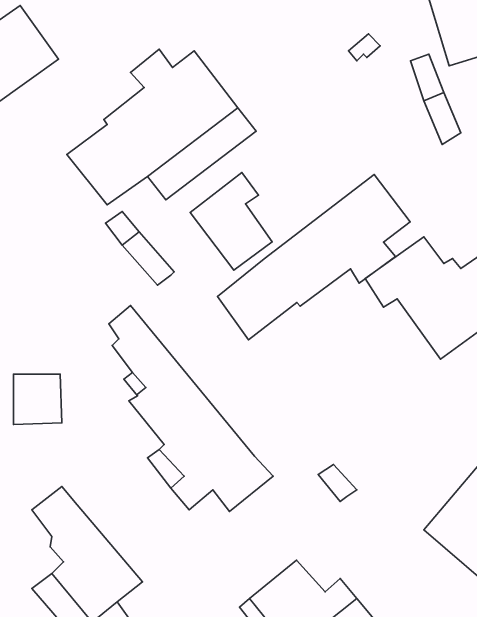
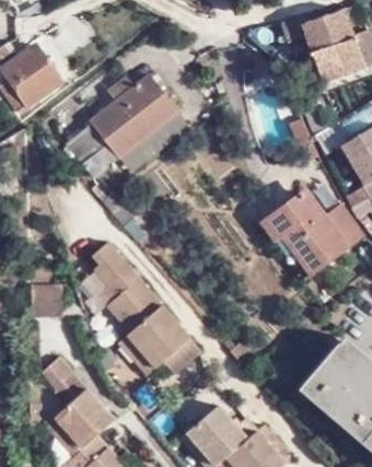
building: [190,172,272,270] -> none
building: [217,175,410,340] -> none

